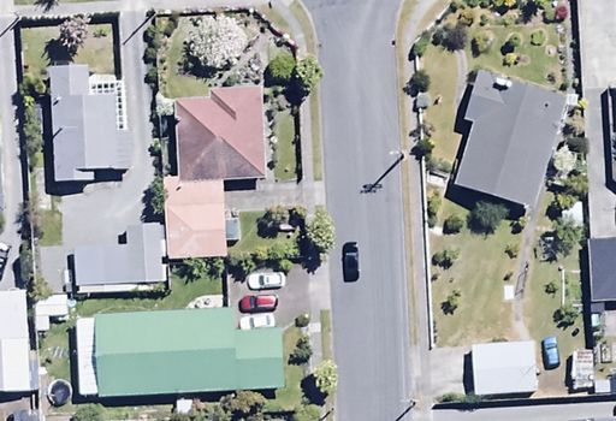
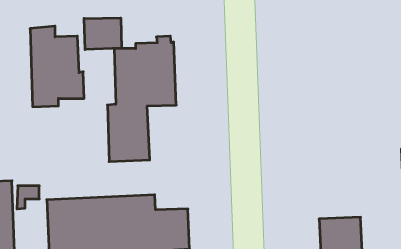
building: none -> [84,18,122,50]
building: [454,69,565,207] -> none
building: [75,225,165,291] -> none

